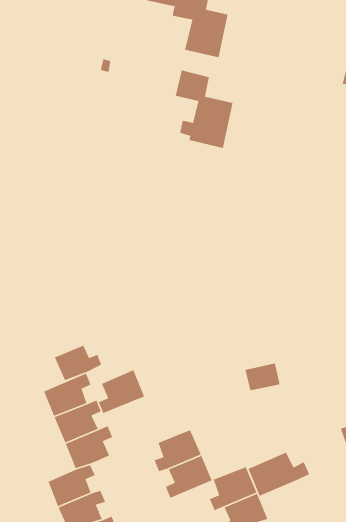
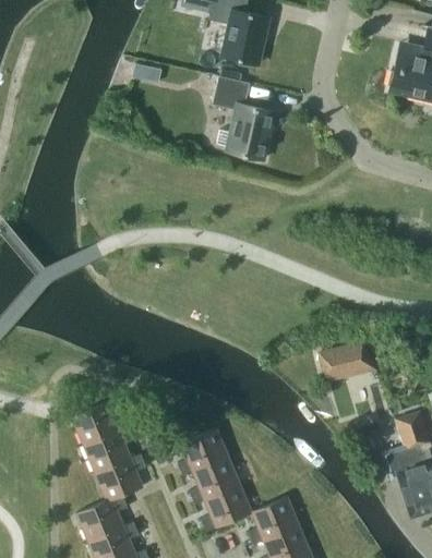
building: [54,345,102,381] -> none
building: [245,362,281,391] -> [320,344,358,375]
building: [98,369,145,414] -> [178,428,228,476]
building: [248,452,310,497] -> none

